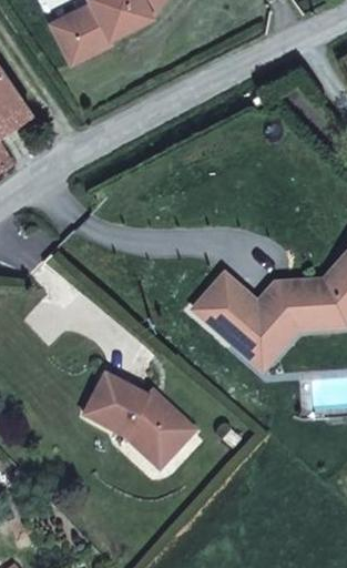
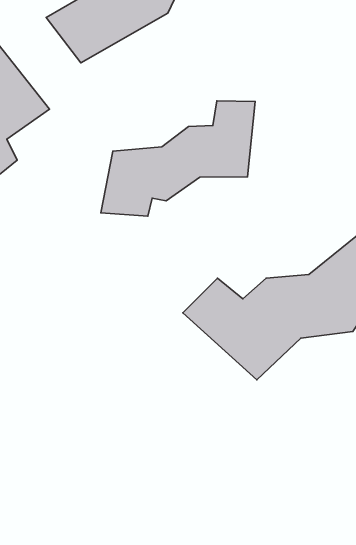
building: none -> [101,101,255,216]
building: [88,382,194,470] -> none

